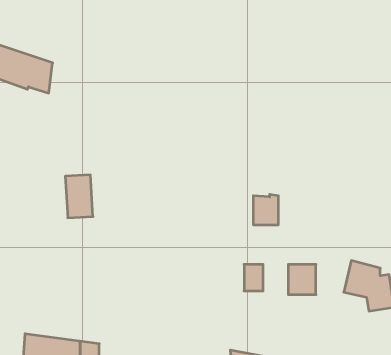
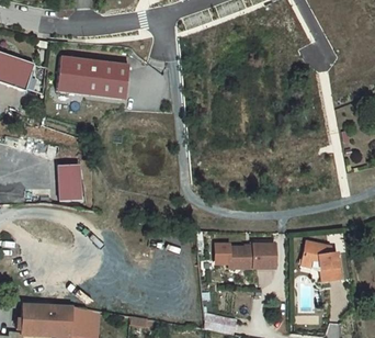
building: none -> [60,53,134,97]
building: [253,194,278,225] -> [234,241,255,268]

